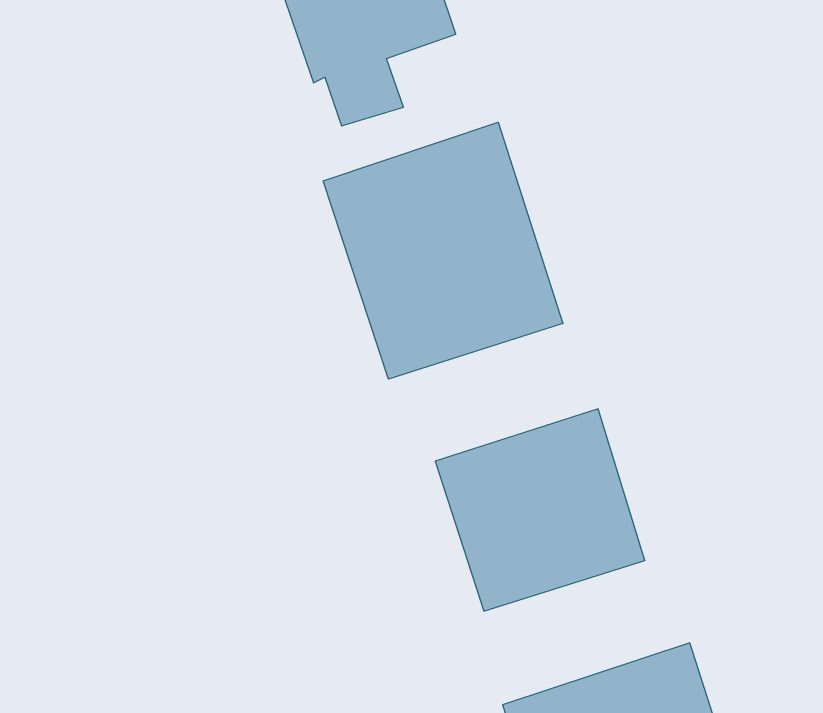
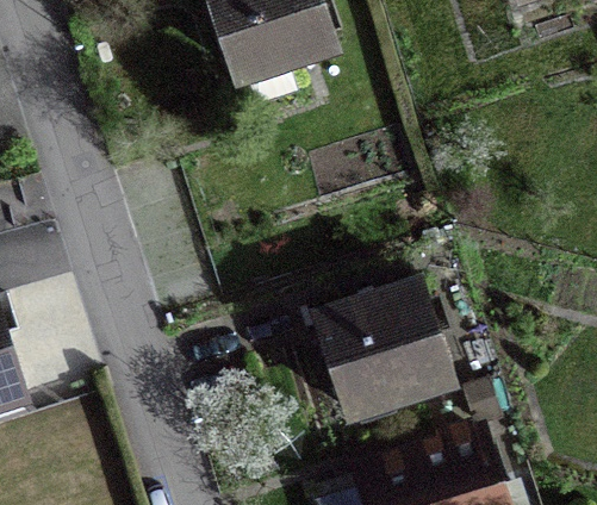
building: [323,122,563,379] -> none

